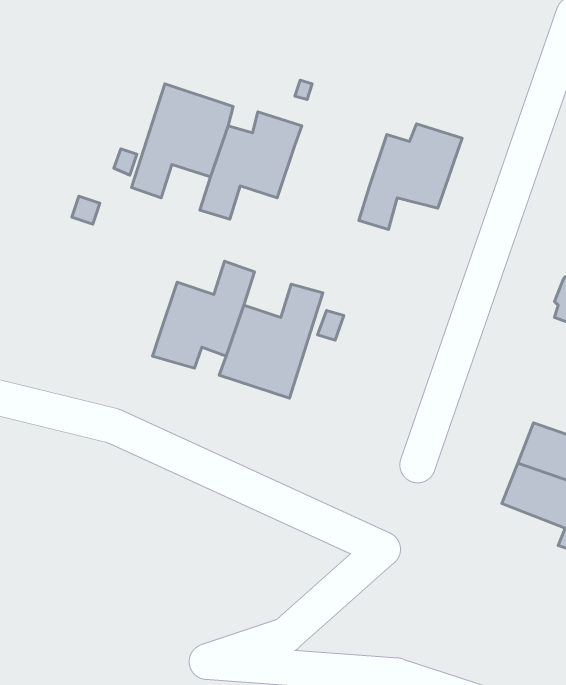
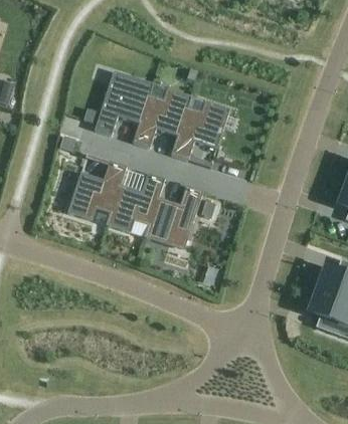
building: [359,124,462,229] -> [171,99,230,160]
building: none -> [66,161,126,220]

